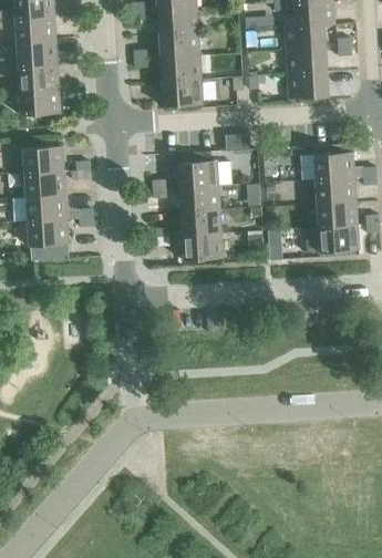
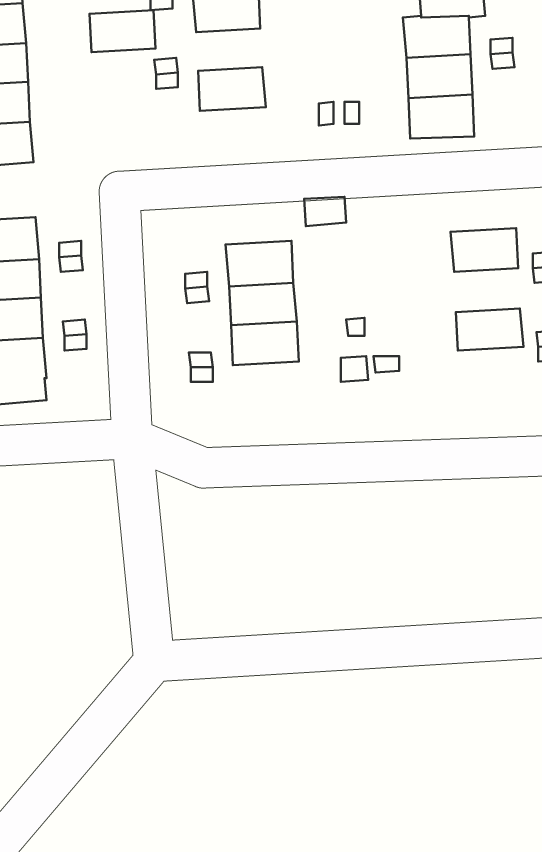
building: [158,32,198,58] -> [90,10,155,52]
building: [161,80,202,107] -> none
building: [314,177,354,204] -> none
building: [317,225,358,252] -> none
building: [180,234,221,261] -> none

